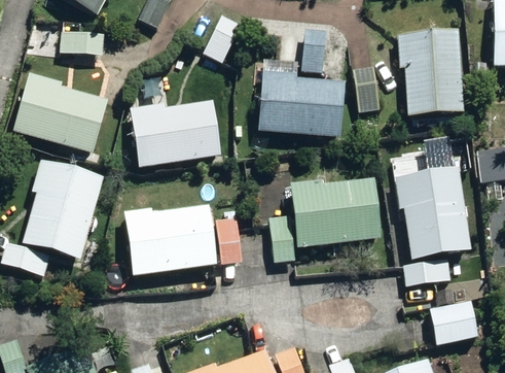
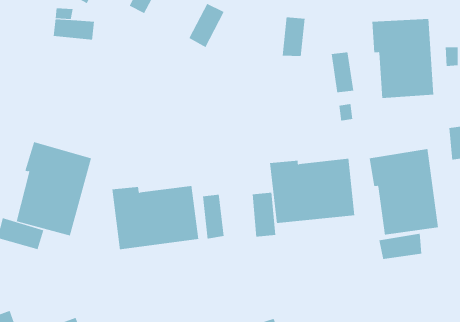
building: [258,69,345,138] -> none
building: [14,72,106,151] -> none
building: [131,102,219,168] -> none
building: [429,301,476,344] -> none

